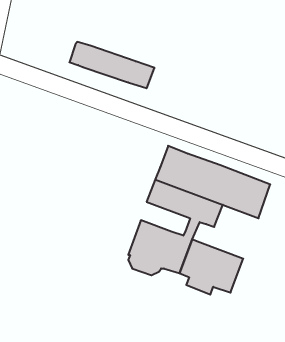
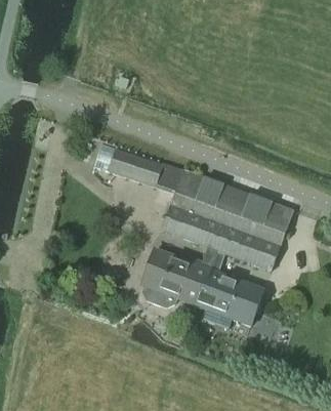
building: [69,42,155,88] -> [93,142,183,192]
building: none -> [233,232,280,270]

